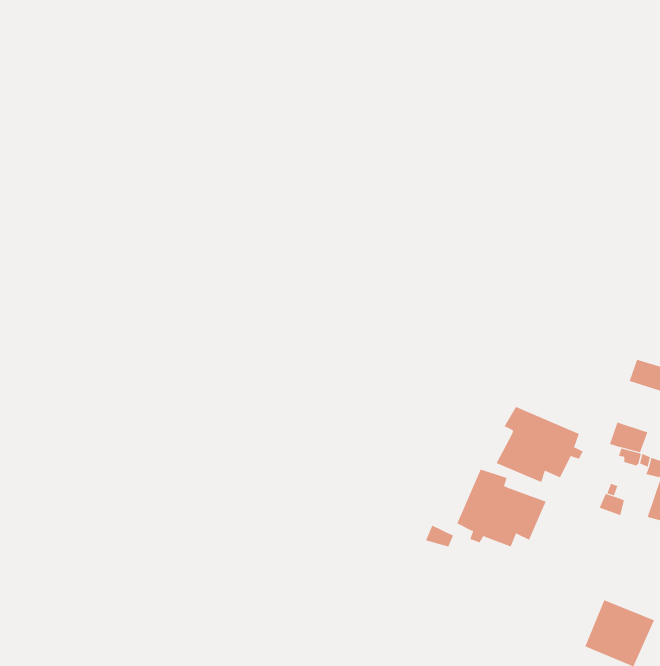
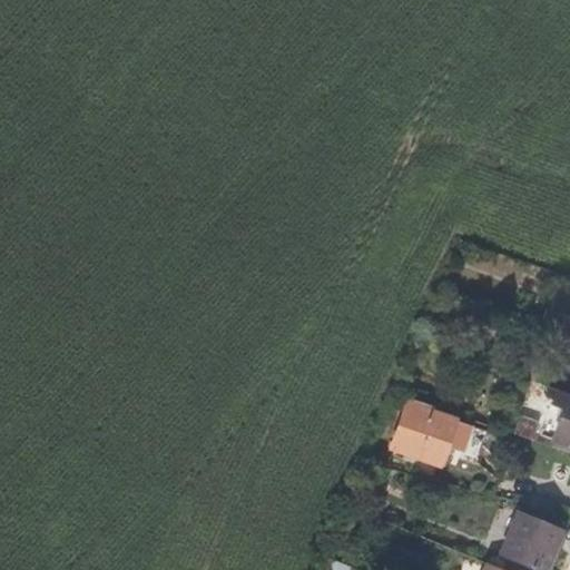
building: [496,406,583,483] -> none

